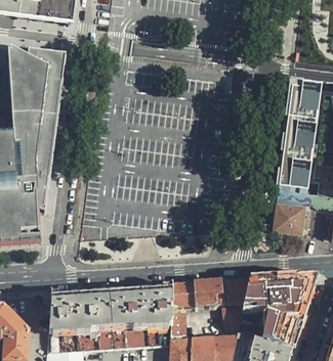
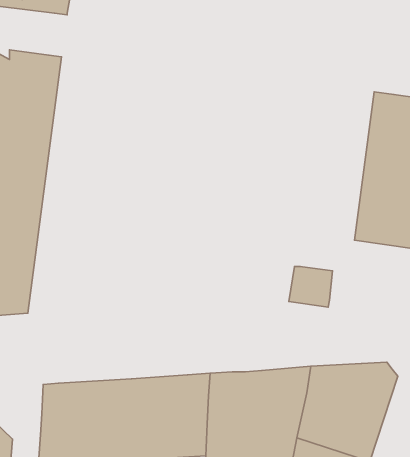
building: [273,205,304,234] -> [289,267,332,307]

